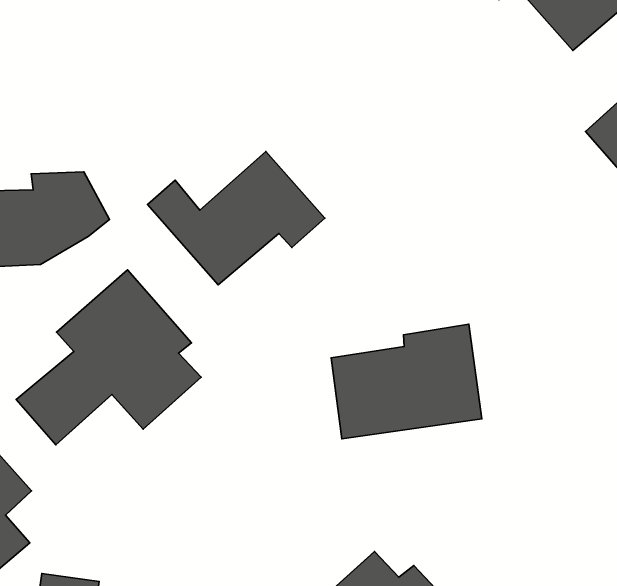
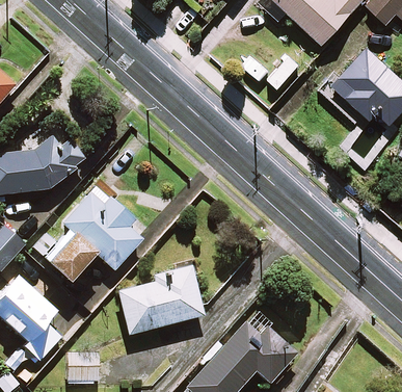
building: [148,152,325,285] -> none
building: [331,324,482,439] -> [117,267,202,336]

